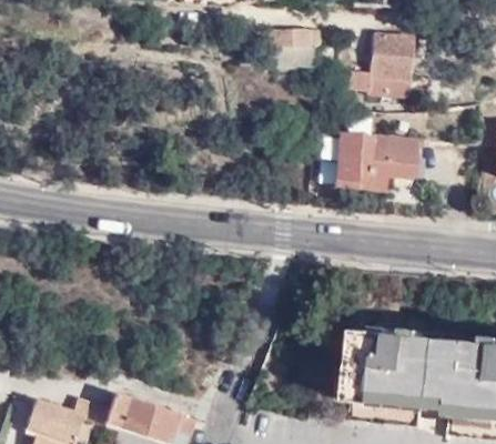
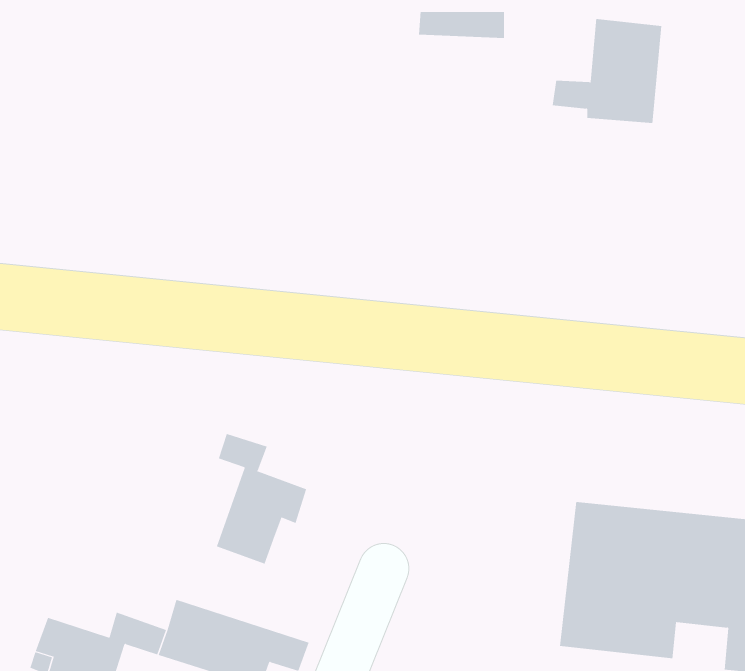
building: [334,131,418,191] -> none
building: none -> [216,433,307,565]

